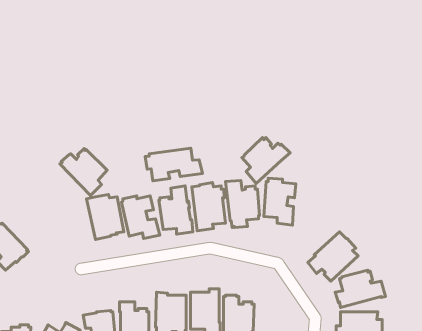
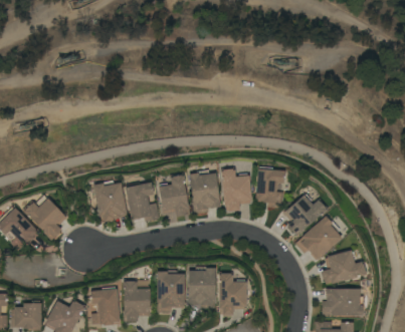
building: [242,138,290,184] -> [283,195,328,237]
building: [145,148,202,181] -> none
building: [60,148,107,195] -> [23,198,66,241]

